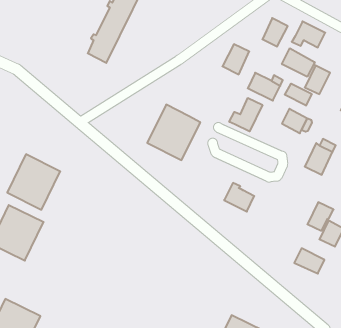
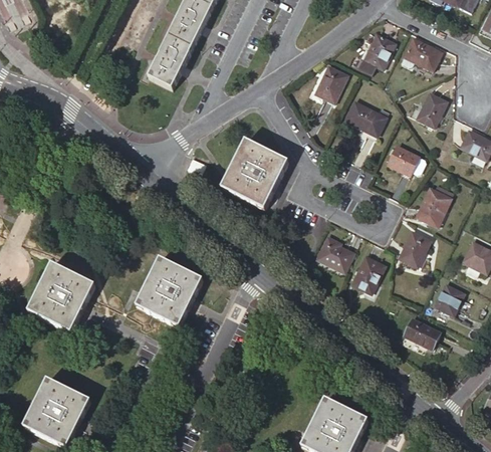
building: [282,48,315,77] -> none
building: [285,84,312,106] -> none
building: [229,98,262,131] -> none
building: [7,154,60,210] -> [136,258,201,326]
building: none -> [351,256,384,292]
building: [307,202,334,231] -> [398,230,430,265]

